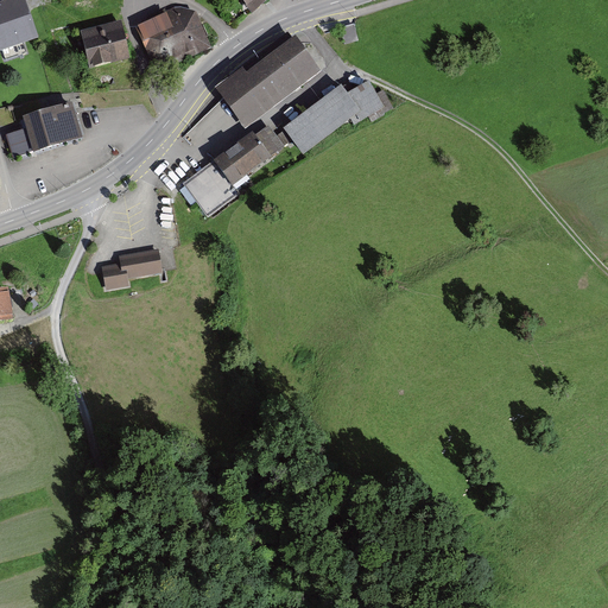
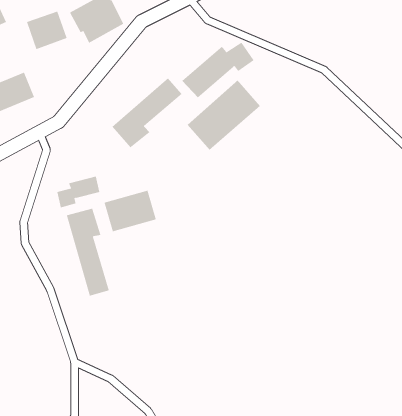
building: [216,33,318,127] -> [187,79,261,150]
building: none -> [104,190,157,232]
building: none -> [66,208,109,297]

